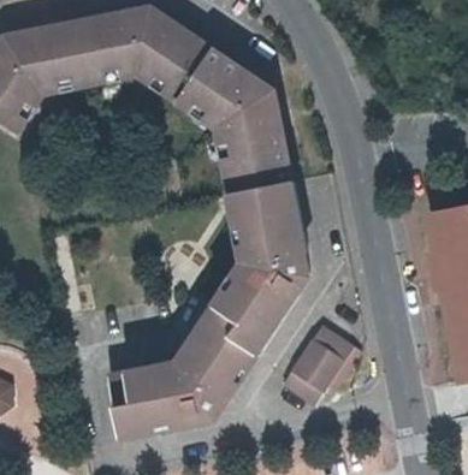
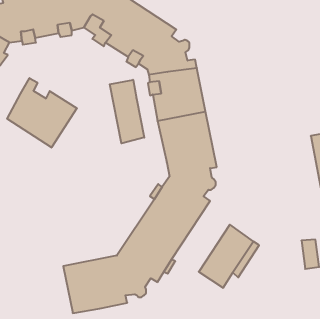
building: none -> [7,78,77,148]
building: none -> [110,80,144,143]

